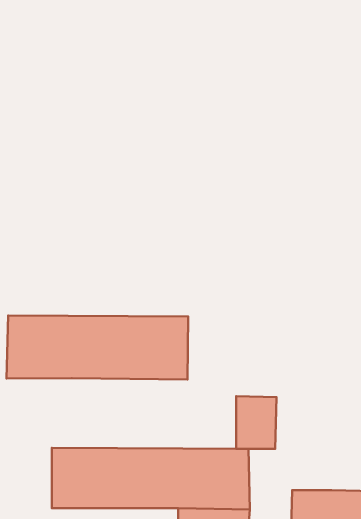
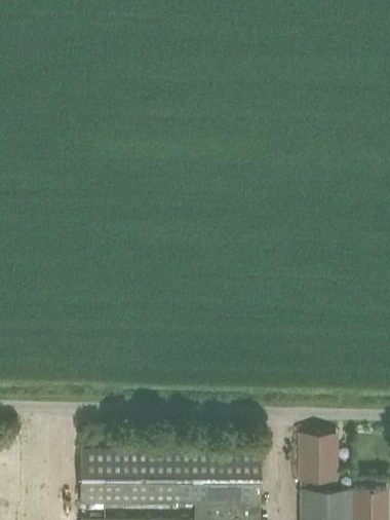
building: [7,315,188,380] -> none
building: [236,396,276,449] -> [299,436,336,484]

